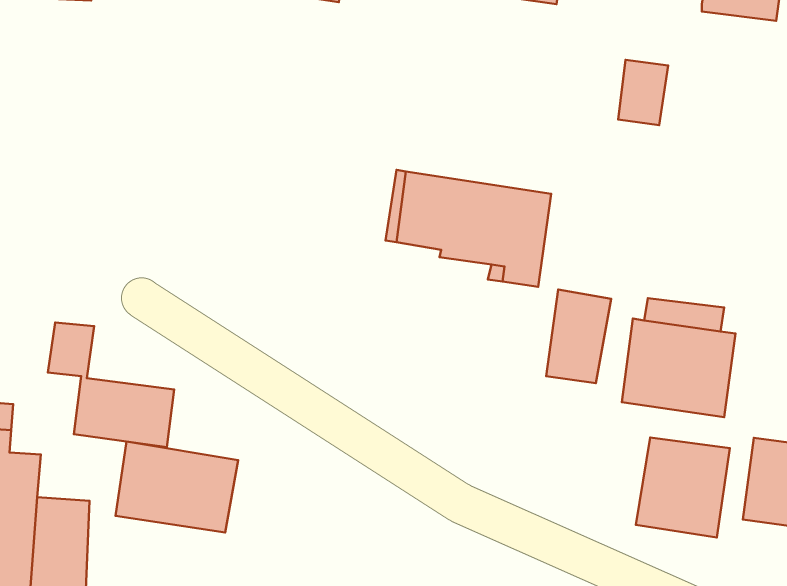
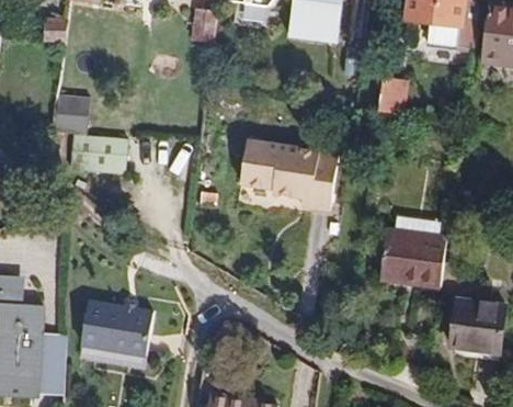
building: [546,289,611,383] -> none
building: [48,322,174,447] -> [53,101,127,174]
building: [636,437,730,537] -> none

